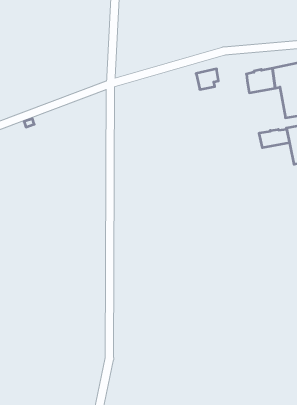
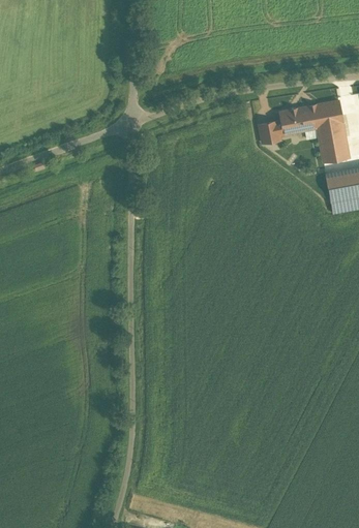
building: [196,69,218,89] -> [259,120,283,143]
building: [259,129,289,148] -> none

